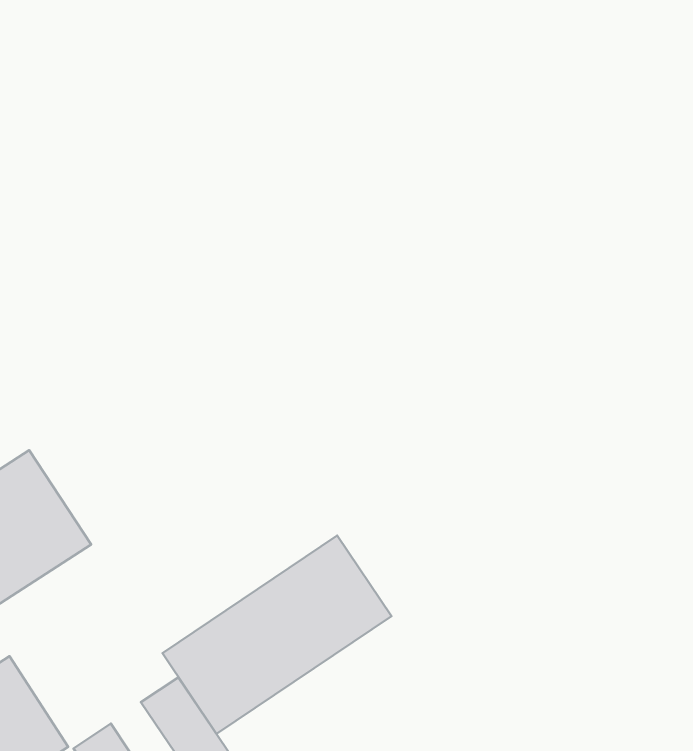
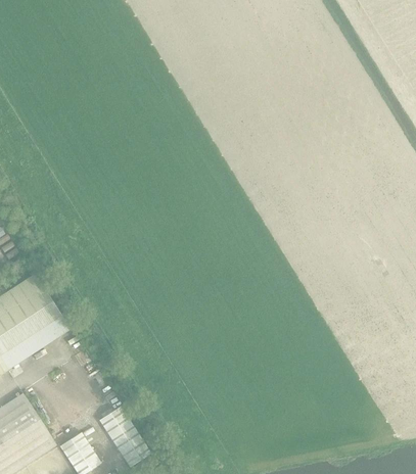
building: [162,536,391,734] -> none

